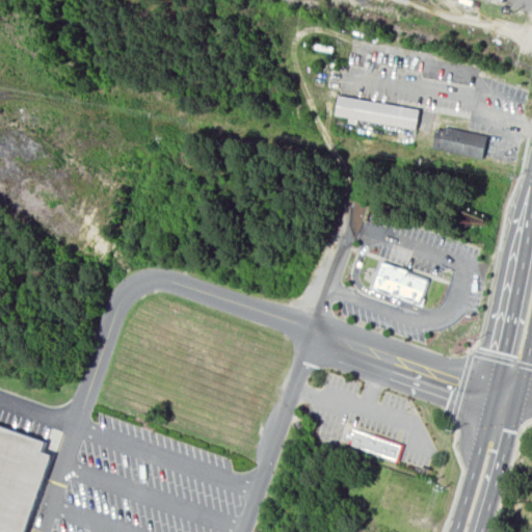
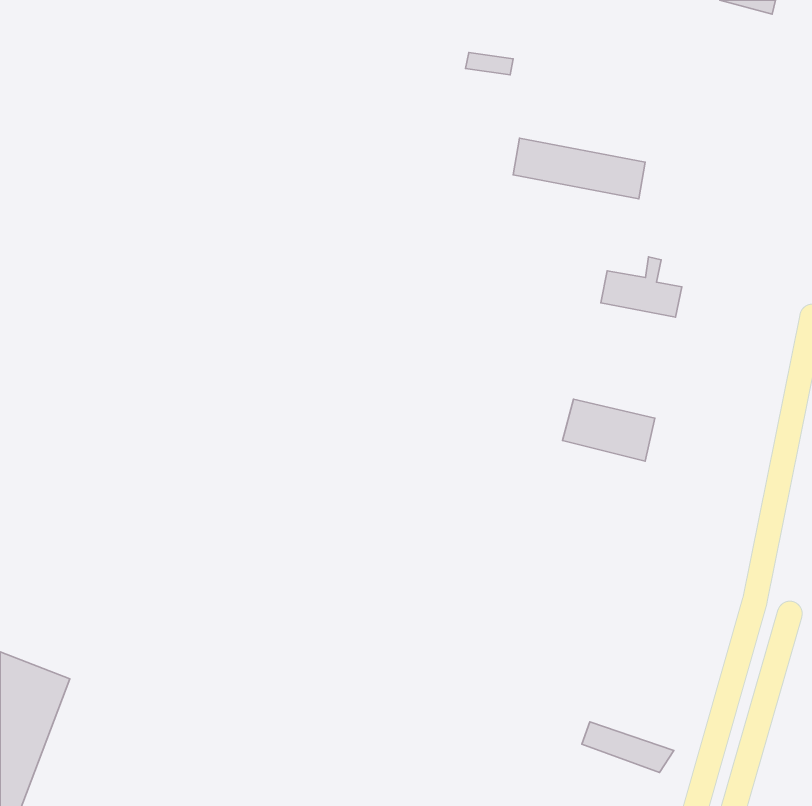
building: [436,117,489,157] -> [601,257,682,317]
building: [346,430,406,463] -> [582,722,674,773]

